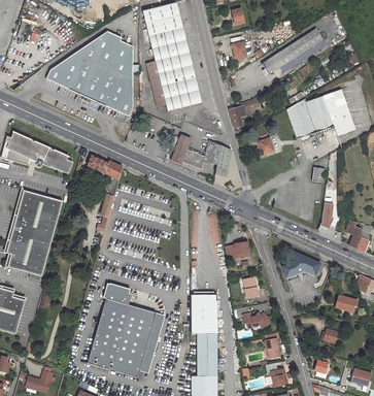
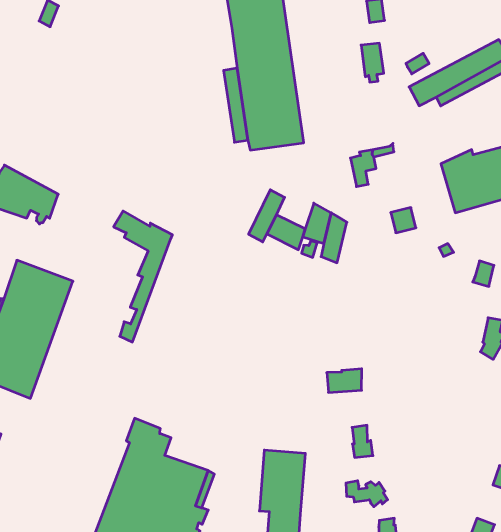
building: [45,31,133,116] -> none
building: [45,146,72,172] -> none
building: [282,251,320,275] -> none

